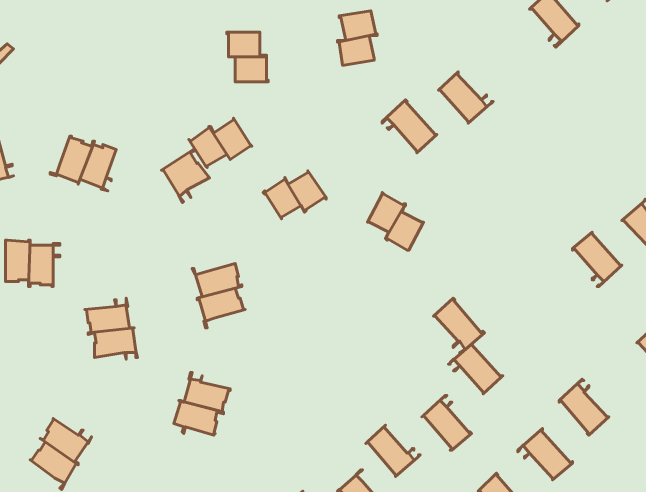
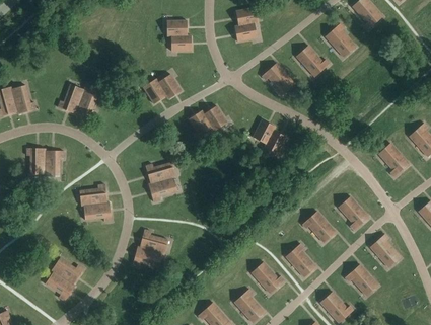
building: none -> [325,23,356,58]
building: [161,149,209,202] -> none
building: [433,298,485,354] -> [338,196,369,231]

